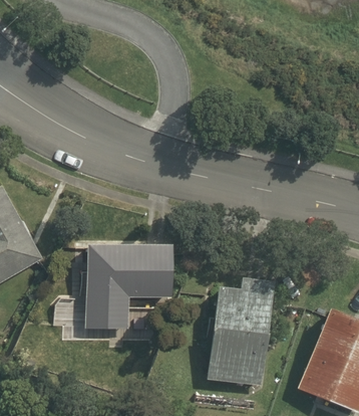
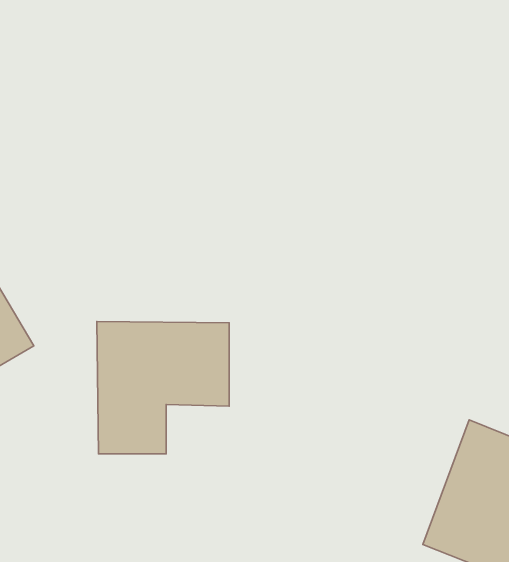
building: [209,277,274,387] -> none

